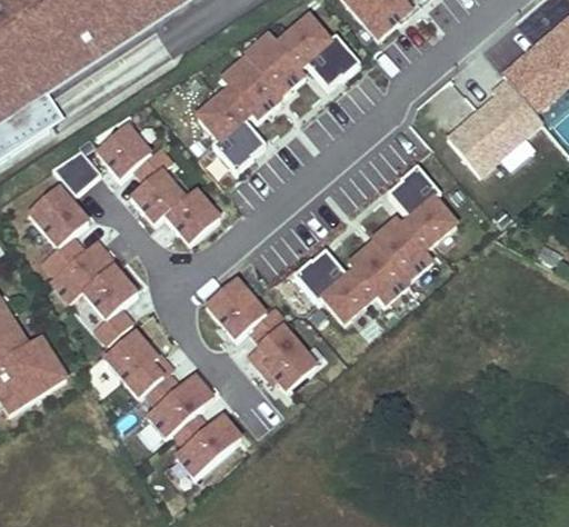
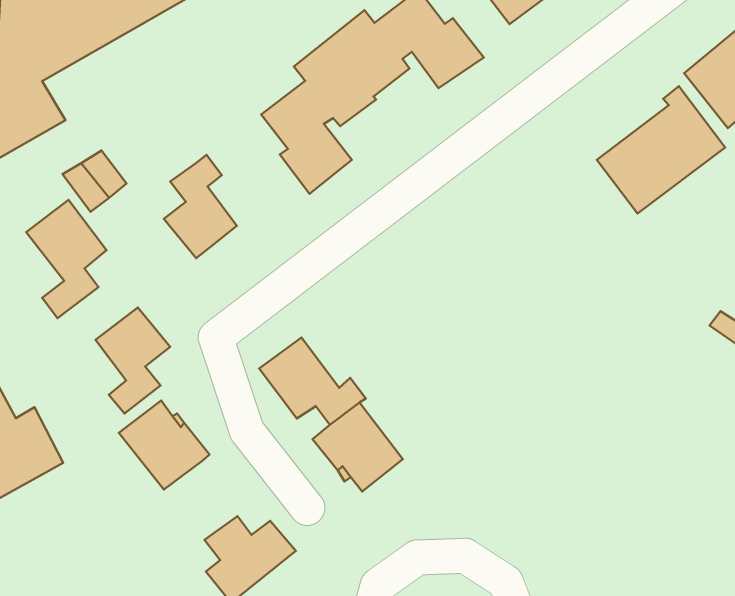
building: [97,123,151,178] -> none
building: [295,165,457,320] -> none
building: [164,188,220,242] -> none
building: [51,238,116,299] -> none
building: [147,371,213,437] -> none

